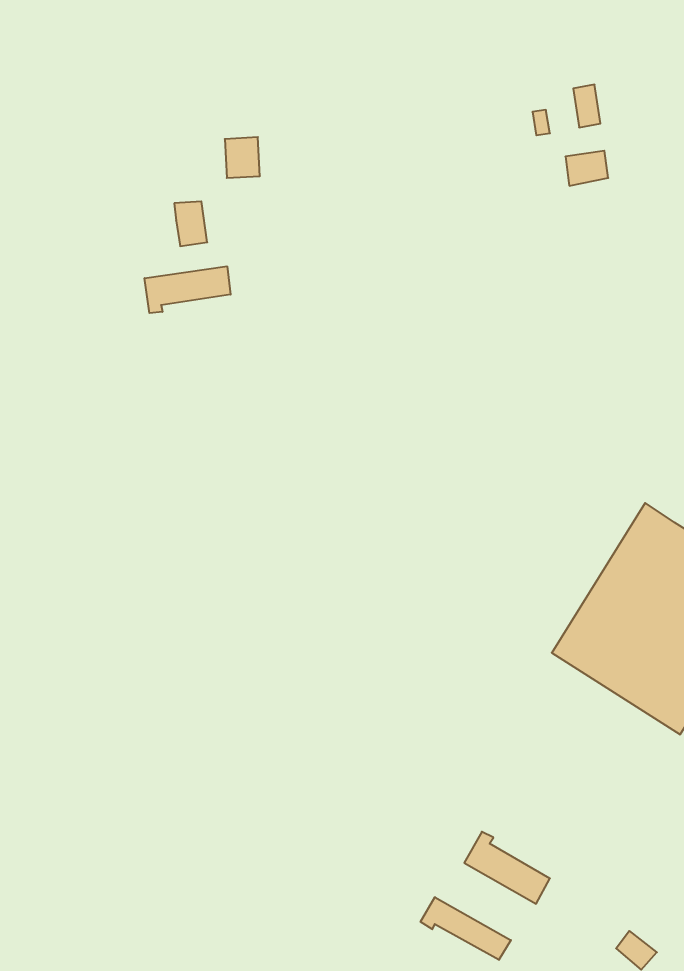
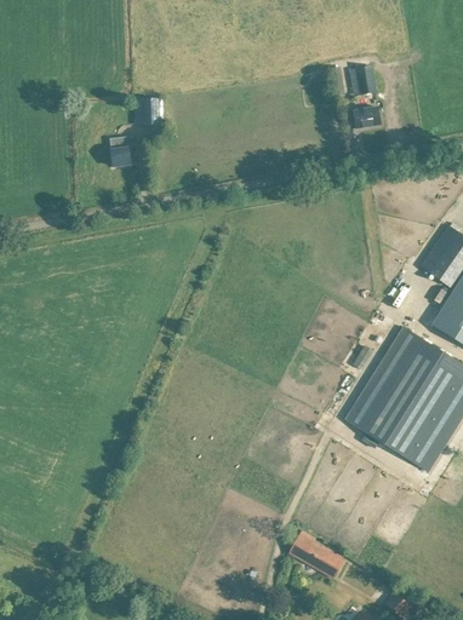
building: [145,266,231,313] -> none
building: [421,897,511,960] -> none

